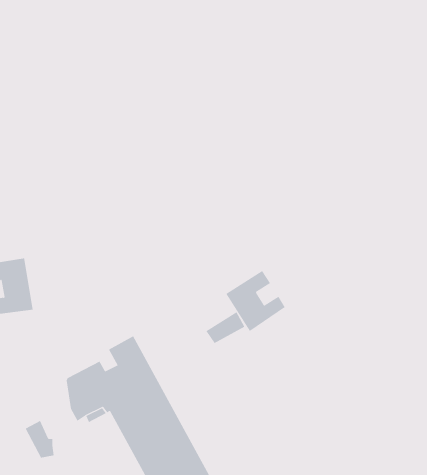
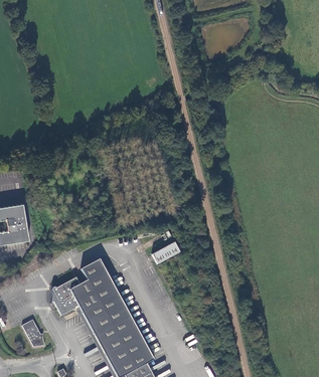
building: [225,270,286,332] -> none

